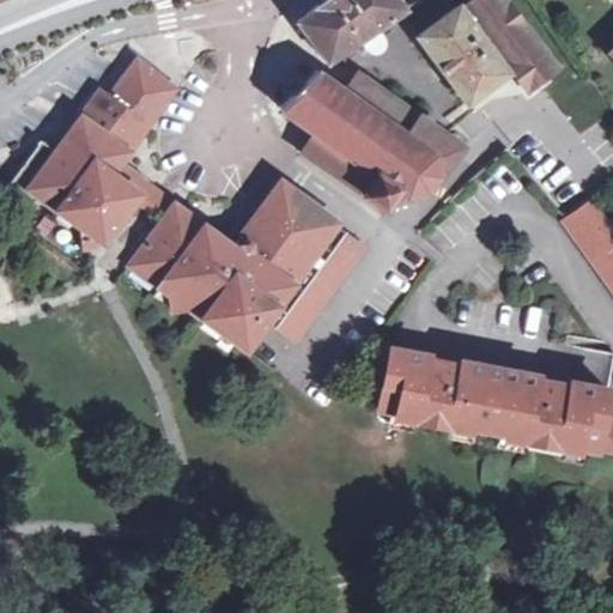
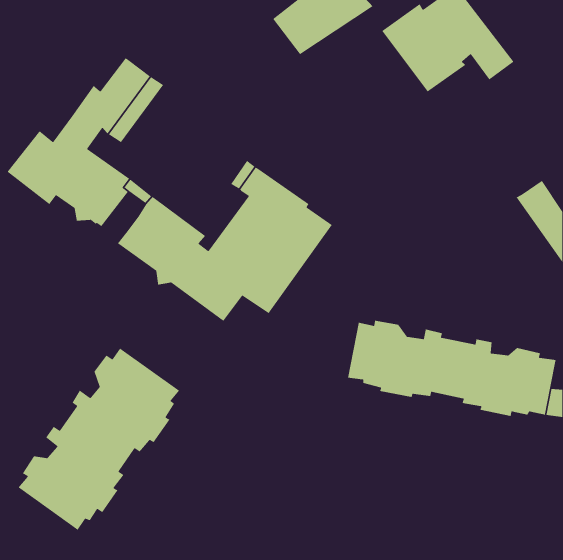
building: [289,62,462,213] -> none
building: none -> [17,347,180,531]

